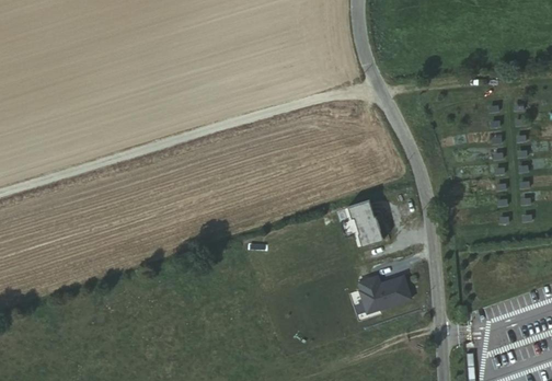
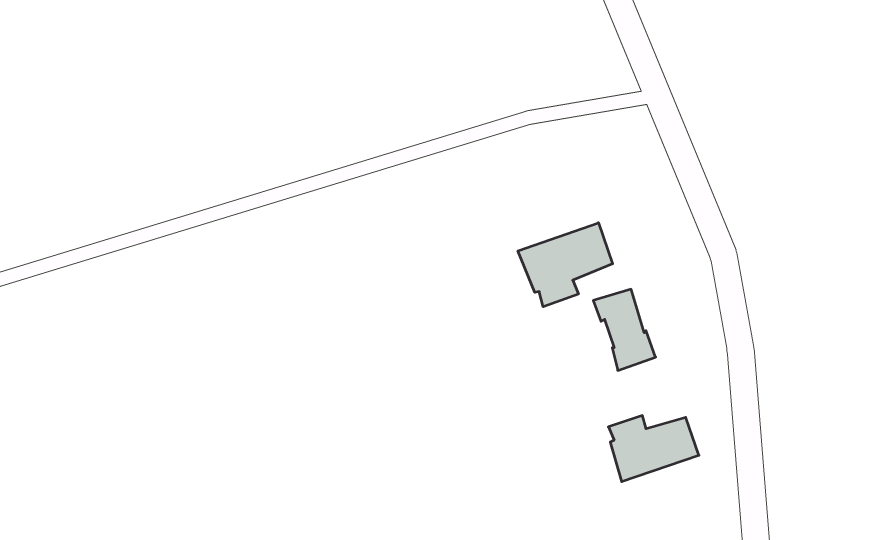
building: none -> [518,223,613,307]

